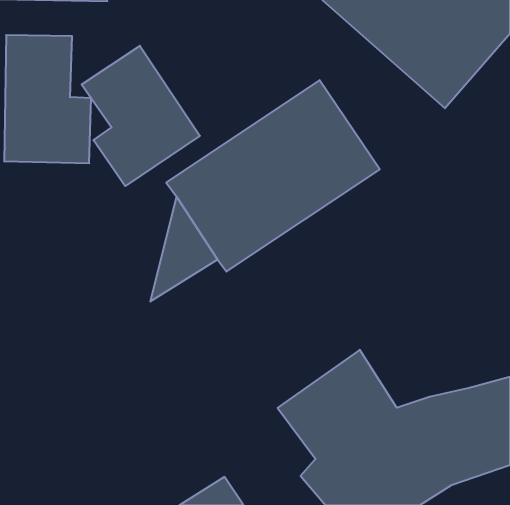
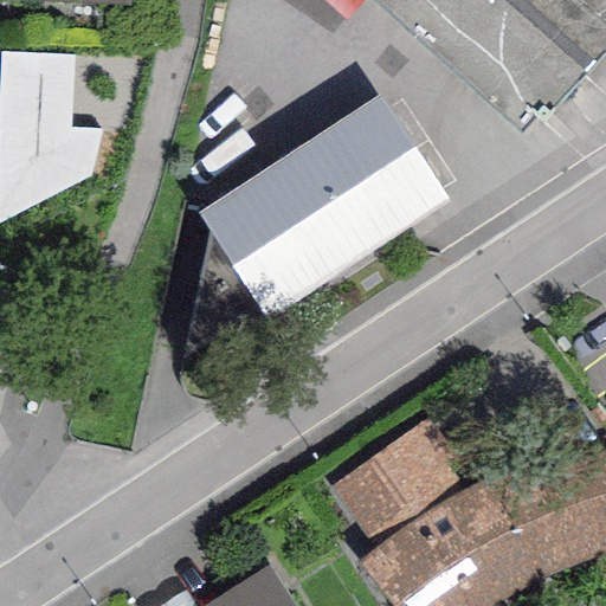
building: [82,46,200,186] -> none

